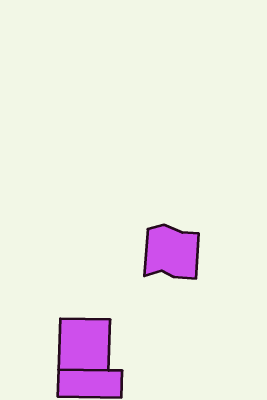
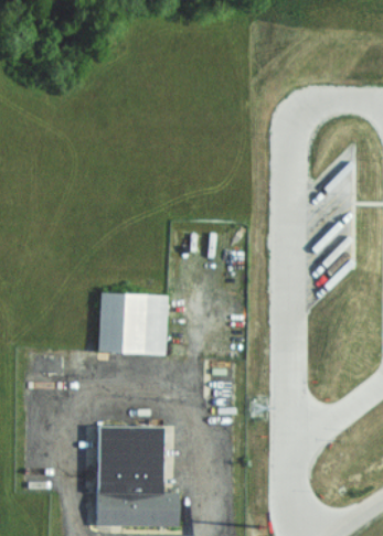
building: [144,225,199,278] -> [99,289,169,357]

